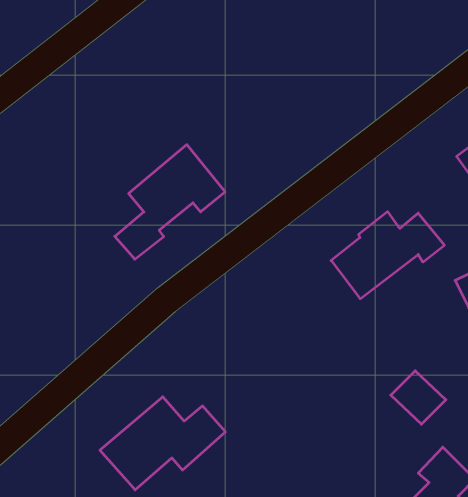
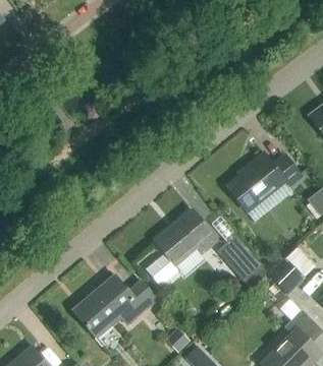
building: [115,145,225,259] -> [146,208,219,285]
building: none -> [221,235,269,288]

